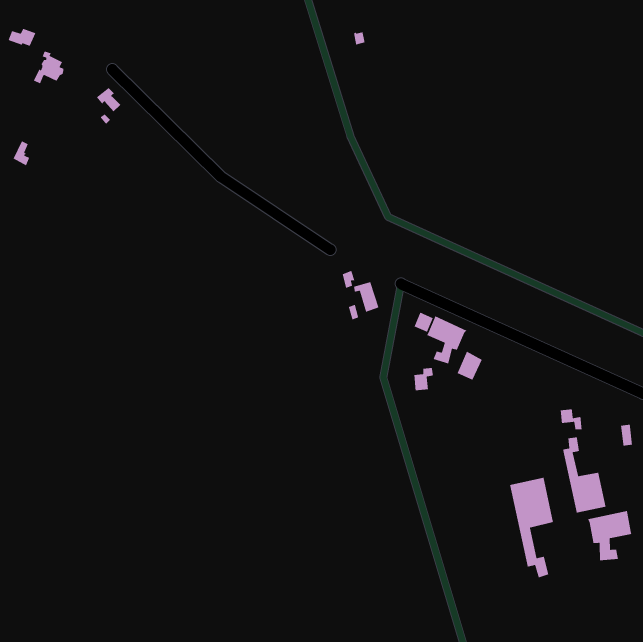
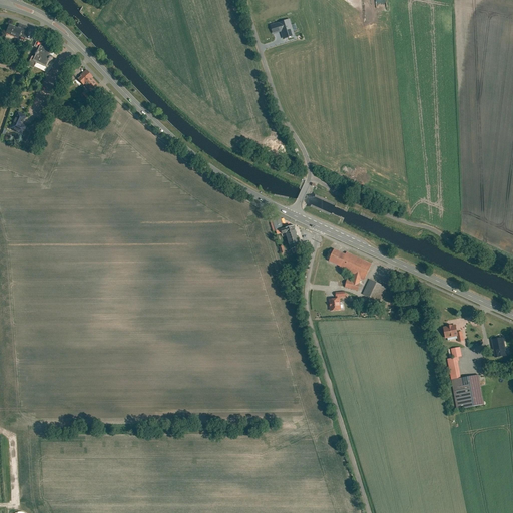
building: [509,477,554,579] -> none
building: [587,510,632,561] -> none

